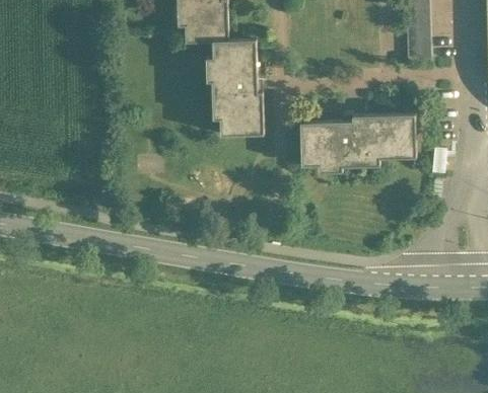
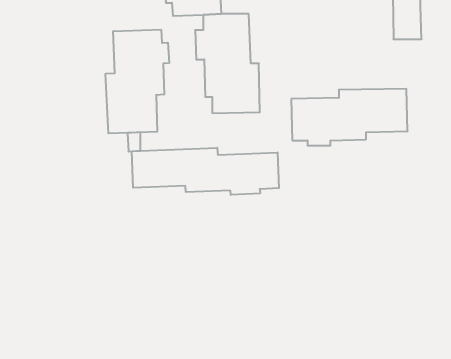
building: none -> [106,30,169,133]
building: none -> [132,148,279,195]

